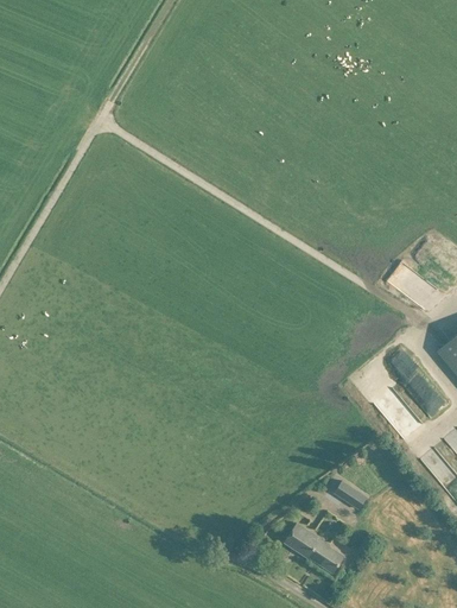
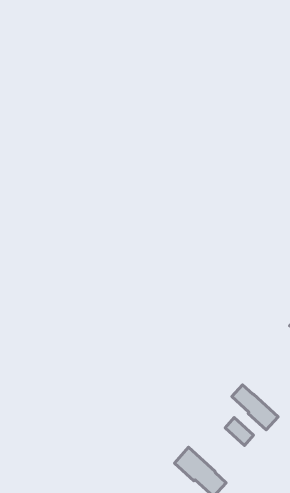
building: none -> [232,385,278,430]

